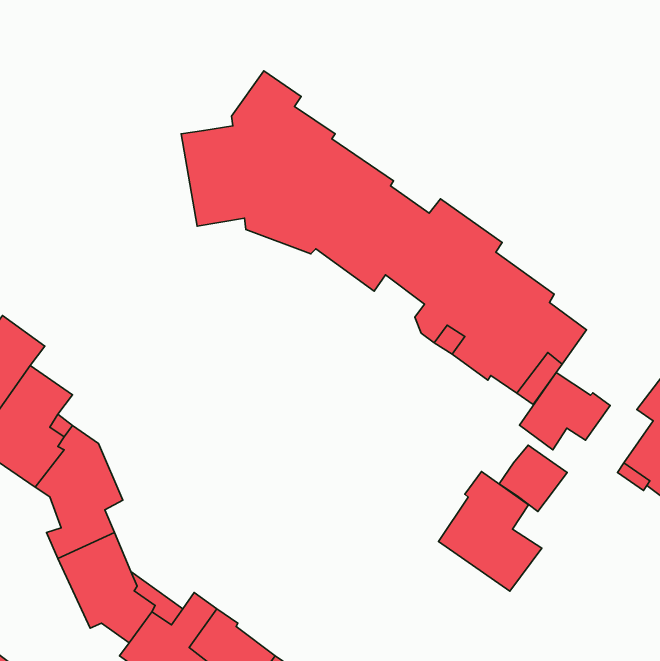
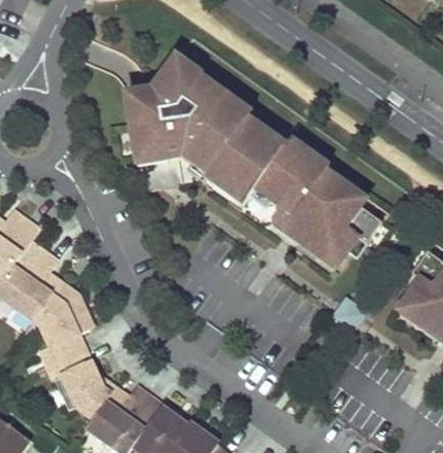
building: [520,372,610,450] -> none
building: [438,471,542,591] -> none

